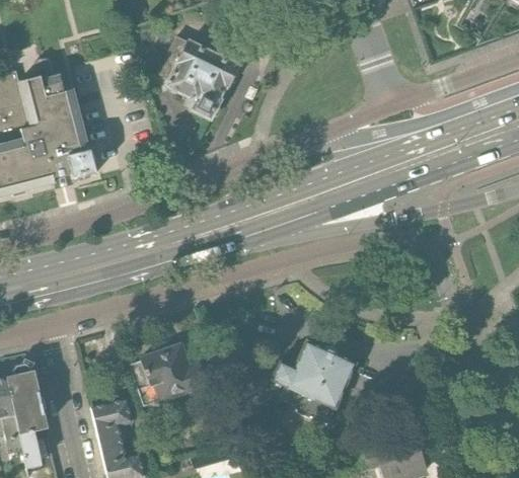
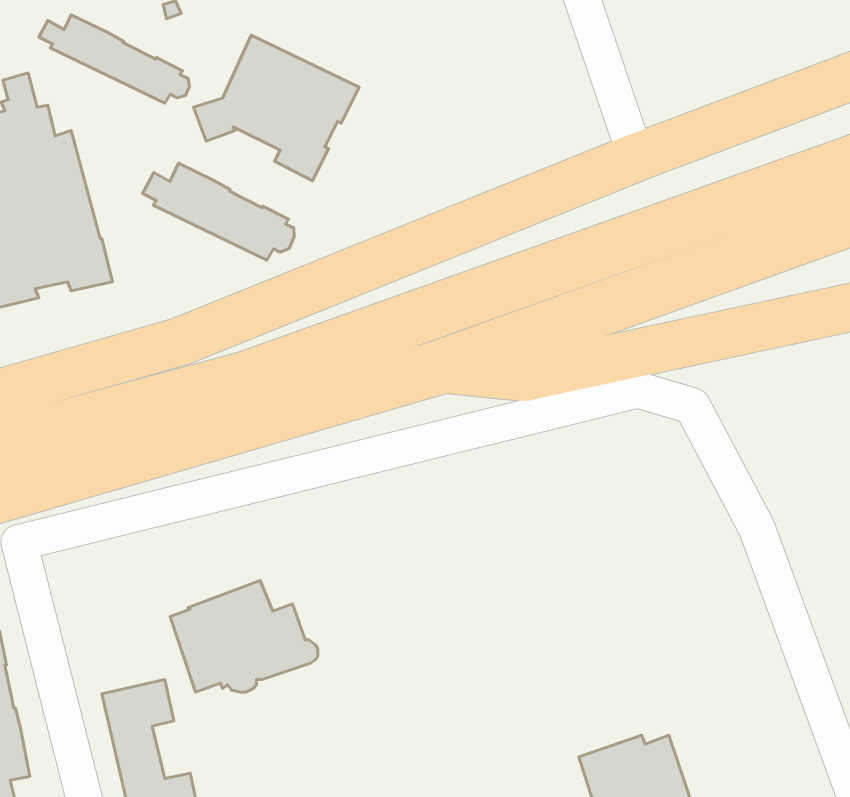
building: none -> [39,15,189,103]
building: none -> [143,163,294,260]
building: [272,340,355,425] -> none

